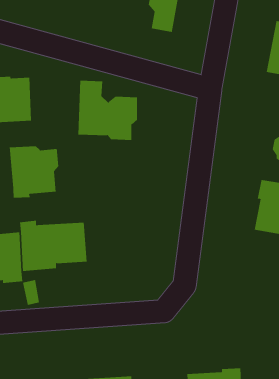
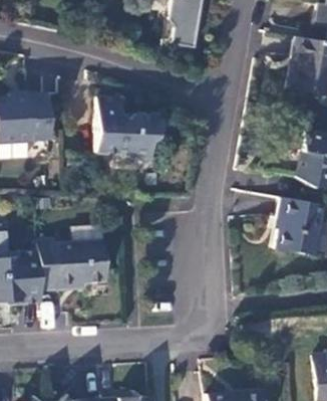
building: [9,145,59,199] -> none

